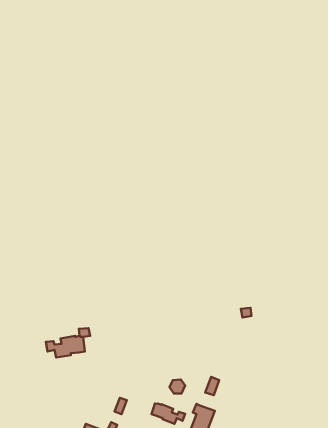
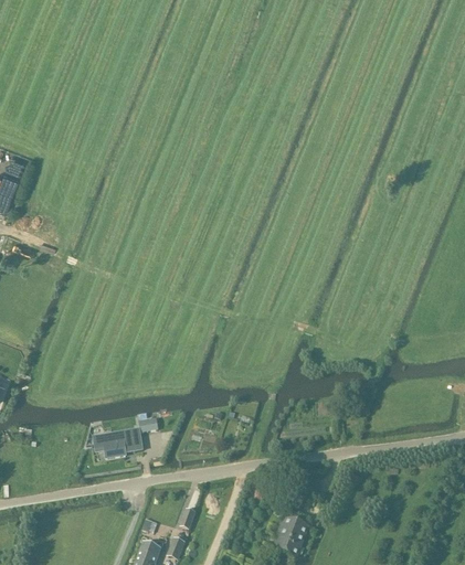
building: [152,403,185,424] -> none

